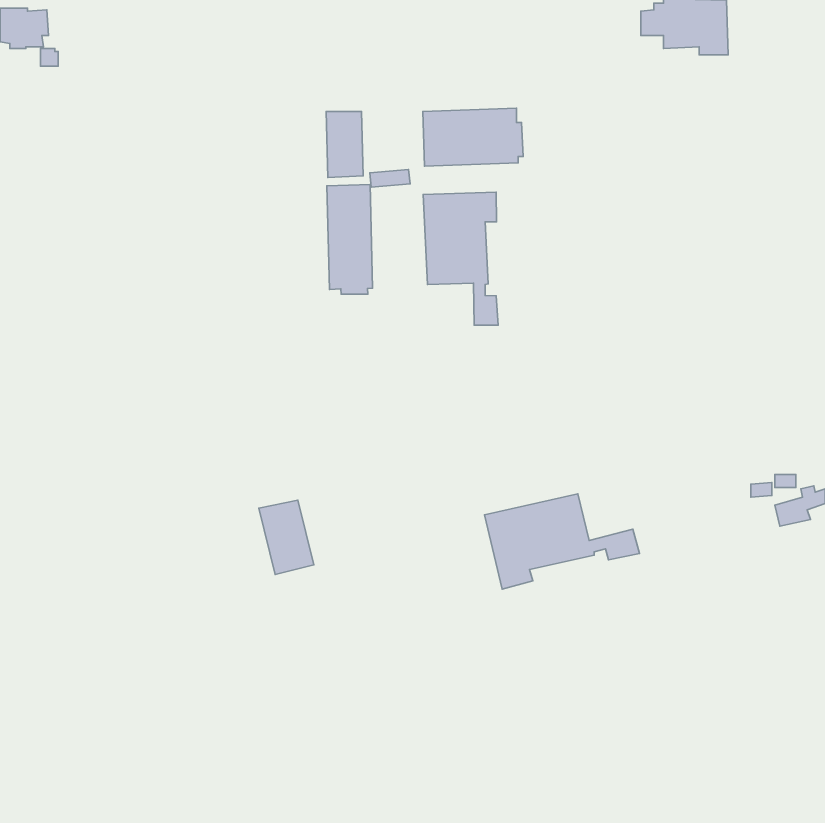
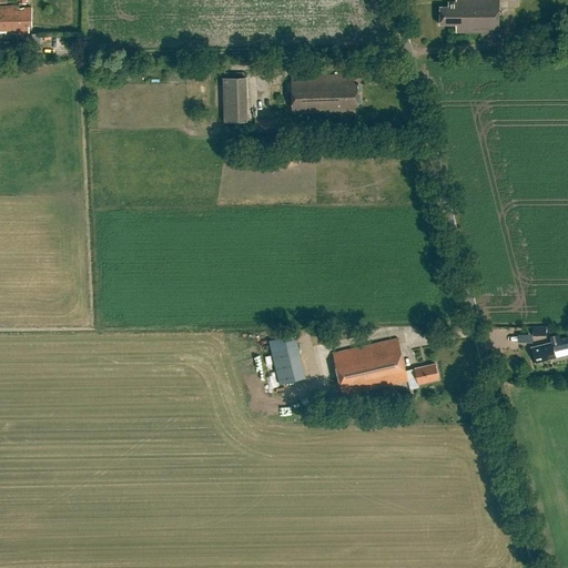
building: [327,184,373,294] -> none
building: [423,192,498,325] -> none
building: [259,500,314,574] -> [266,333,304,384]

